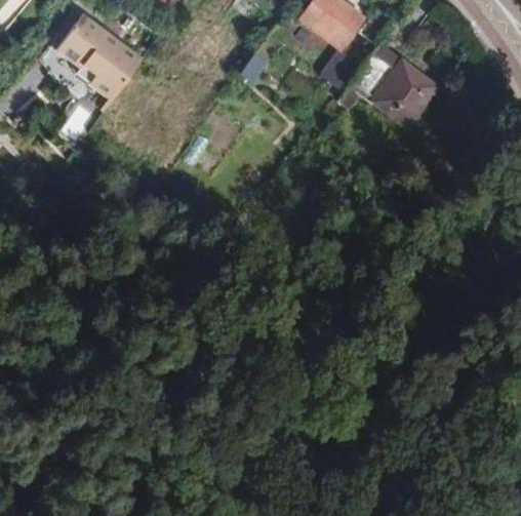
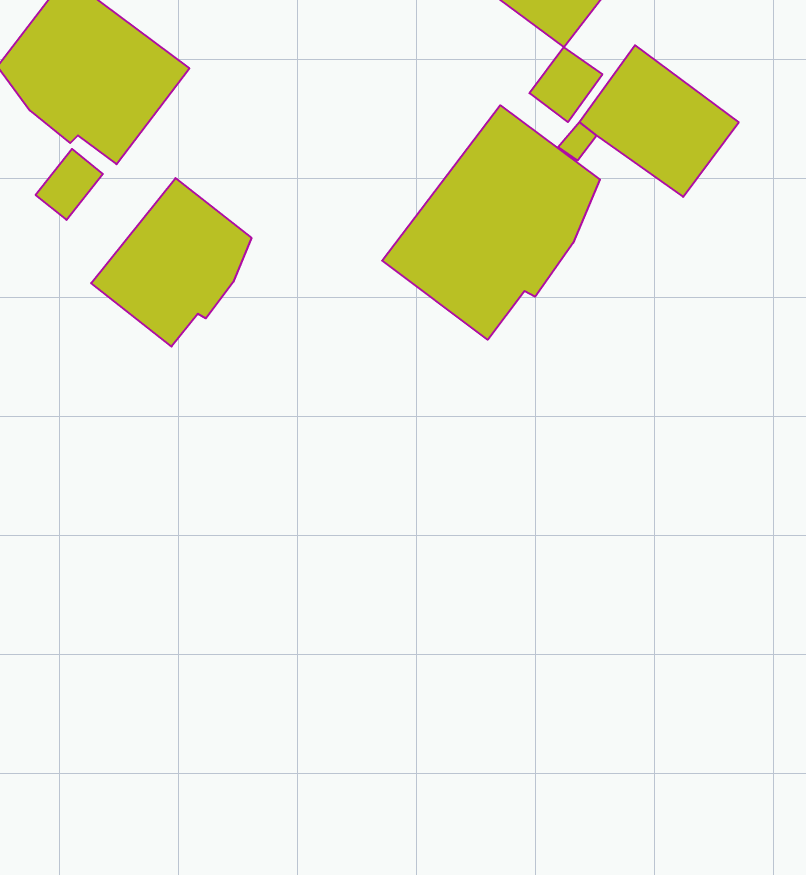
building: none -> [382,105,600,340]
building: none -> [91,178,251,347]

